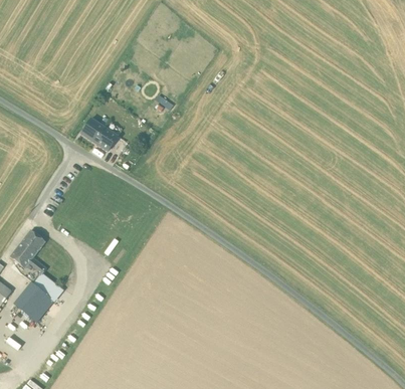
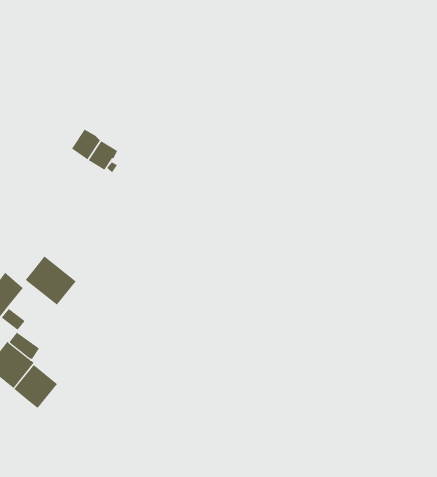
building: none -> [25,256,77,306]
building: none -> [14,364,58,409]

